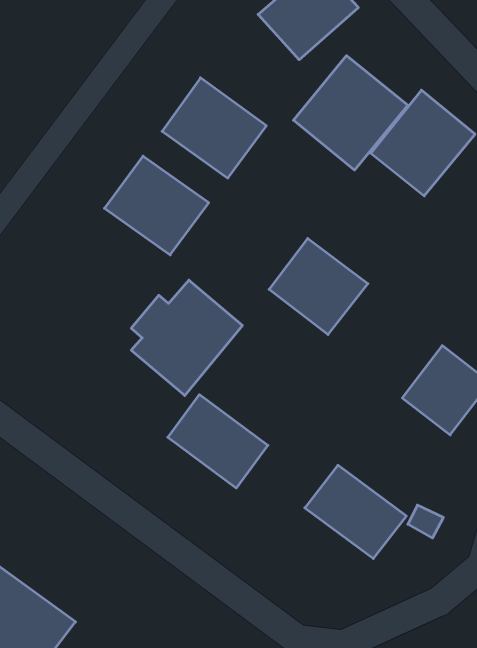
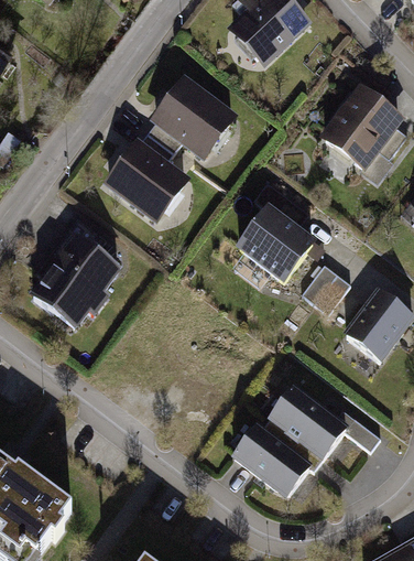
building: [293,56,408,170] -> none
building: [131,280,242,396] -> [33,234,122,326]
building: none -> [297,265,347,314]
building: [168,395,268,488] -> [232,424,313,499]

